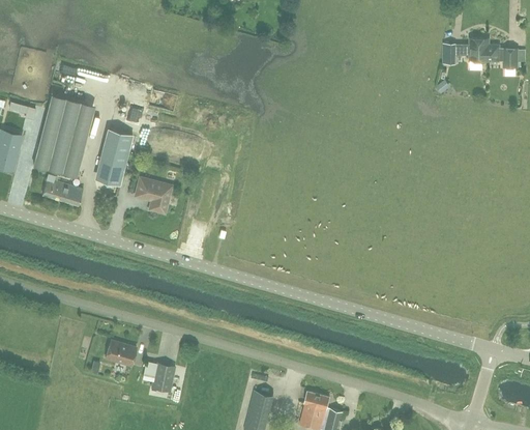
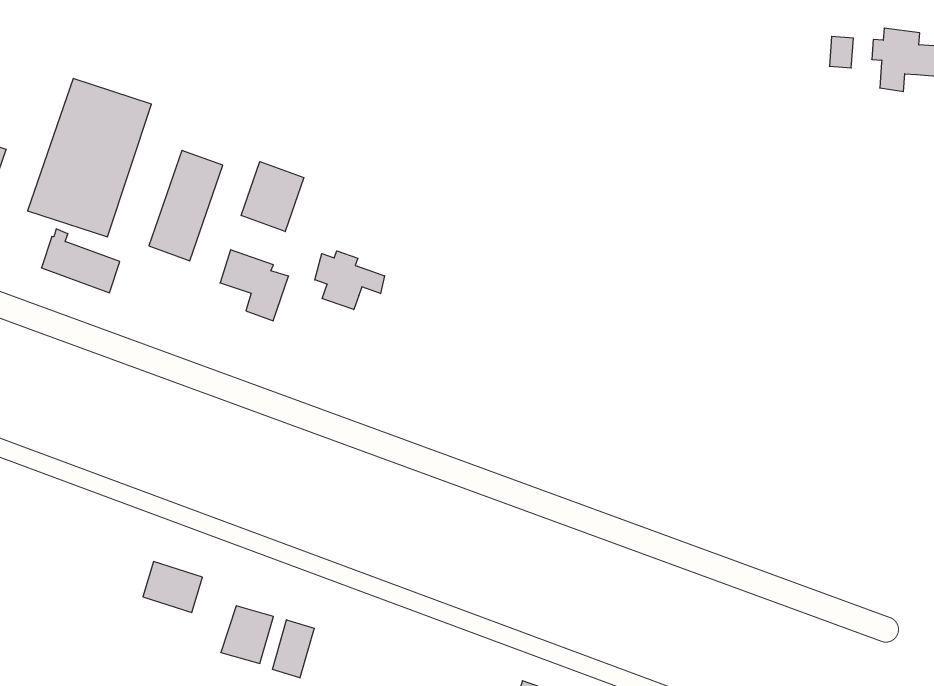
building: none -> [241,162,304,232]
building: none -> [315,251,385,310]
building: none -> [272,620,314,678]

